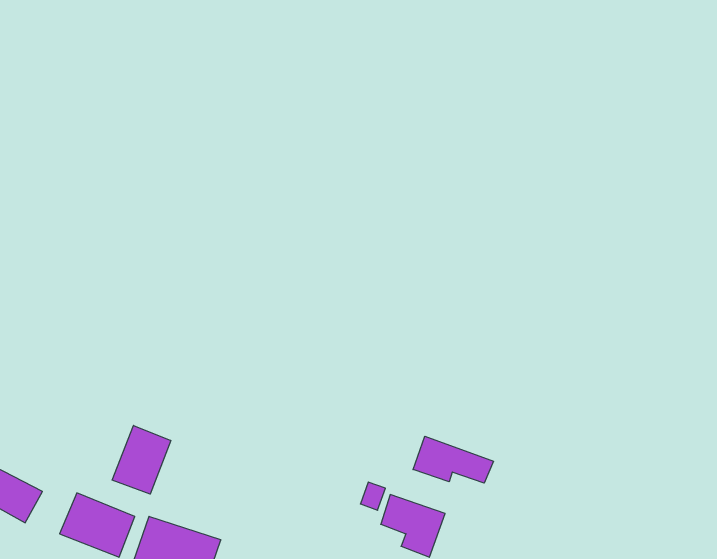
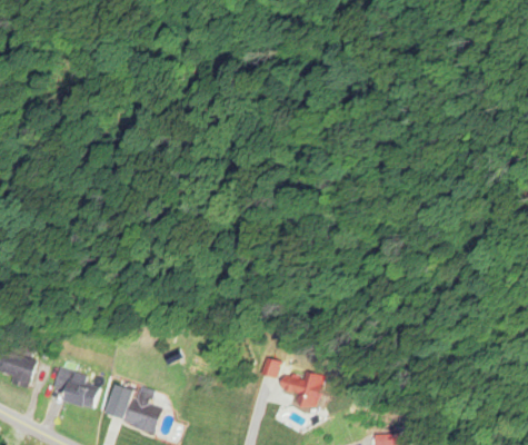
building: [112,425,171,494] -> none
building: [413,436,494,483] -> none

